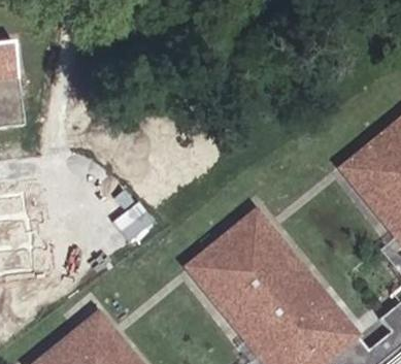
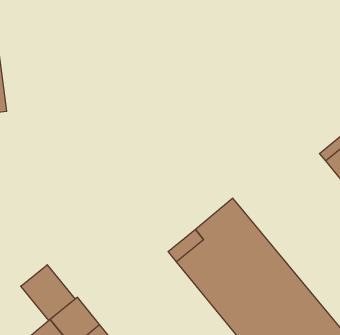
building: none -> [21,265,75,321]

